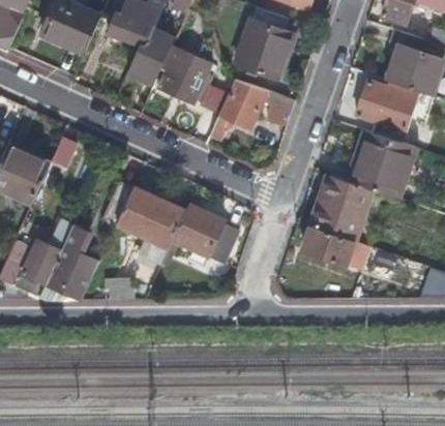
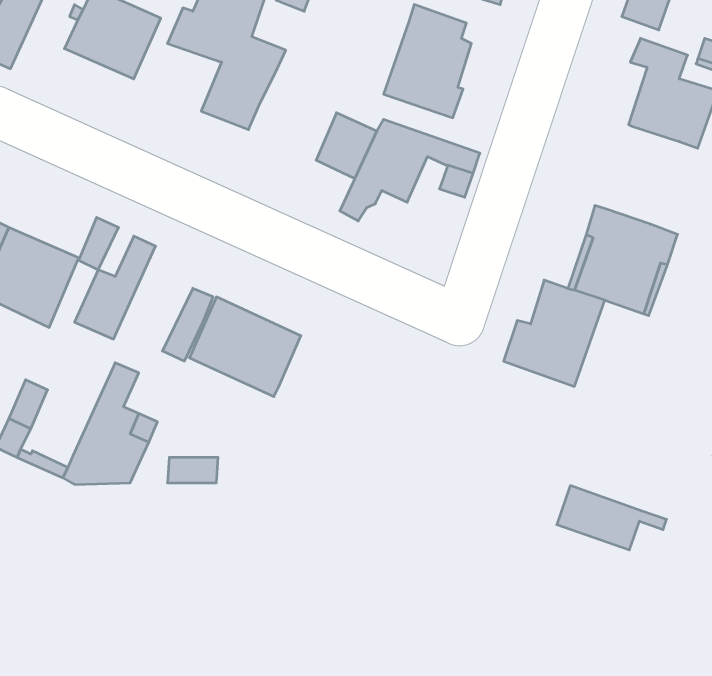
building: [159,47,212,102] -> none
building: [357,81,418,142] -> none
building: [173,205,238,258] -> none
building: [23,220,72,283] -> [75,236,156,339]
building: [302,225,369,265] -> [557,486,667,550]

